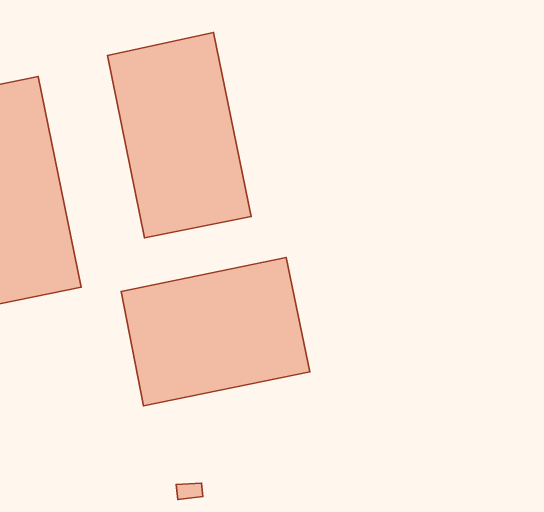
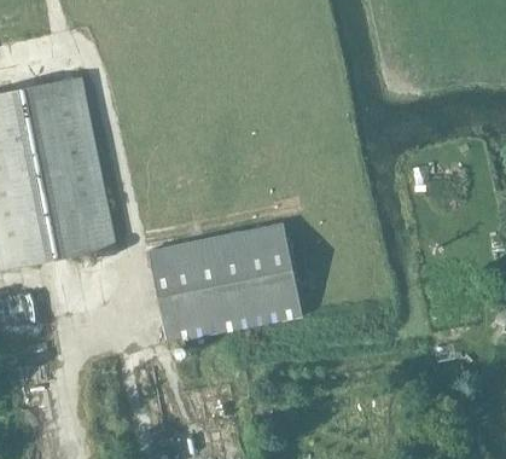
building: [108,32,251,238] -> none

